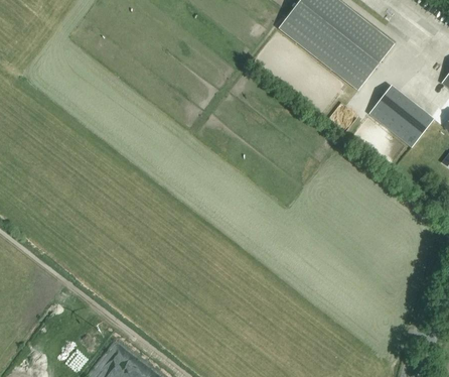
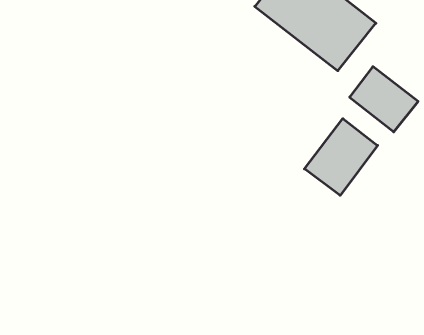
building: none -> [304,119,378,195]

